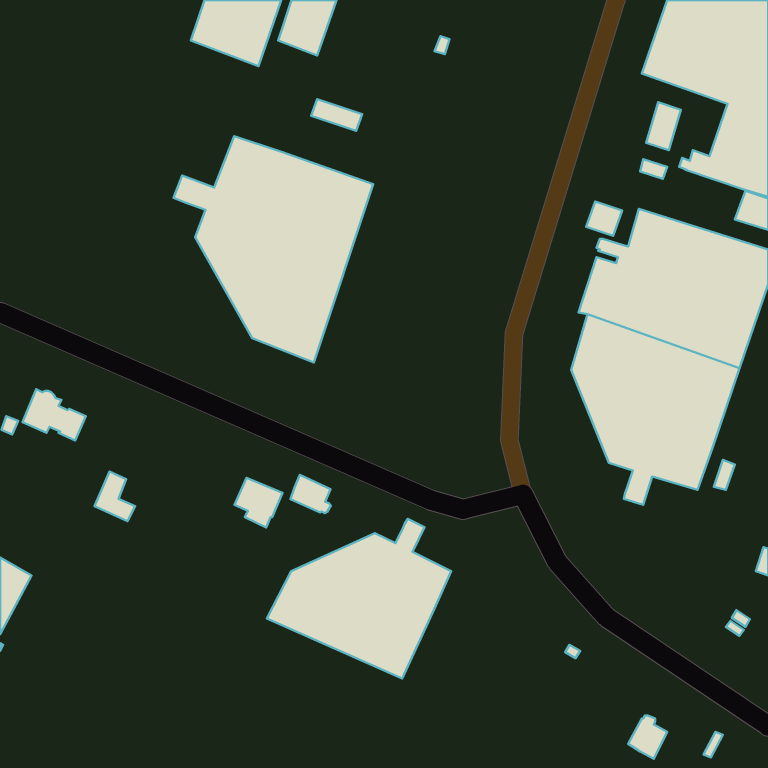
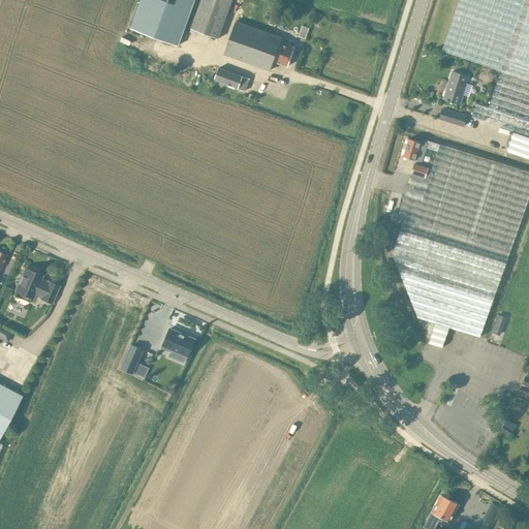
building: none -> [223,21,294,70]
building: [174,136,373,363] -> none
building: [95,472,135,521] -> [121,344,149,378]
building: [291,475,331,513] -> none
building: [267,519,451,678] -> none

